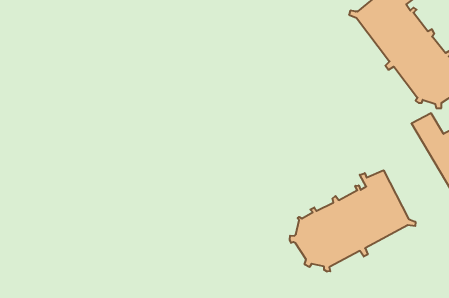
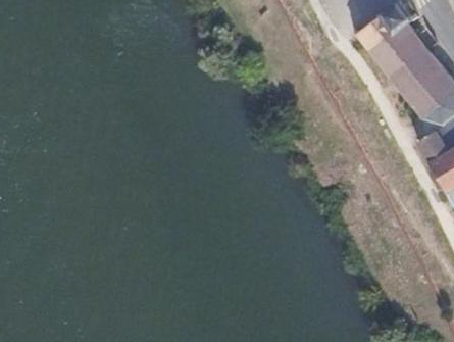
building: [290,170,415,272] -> none

